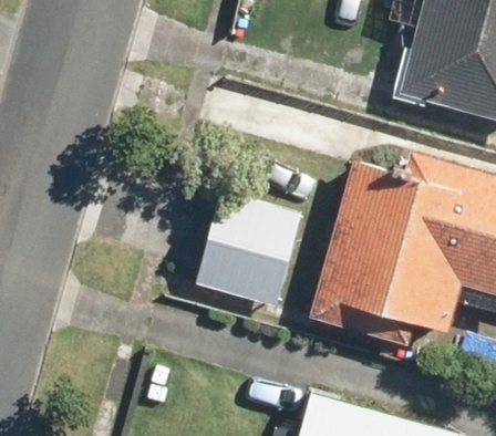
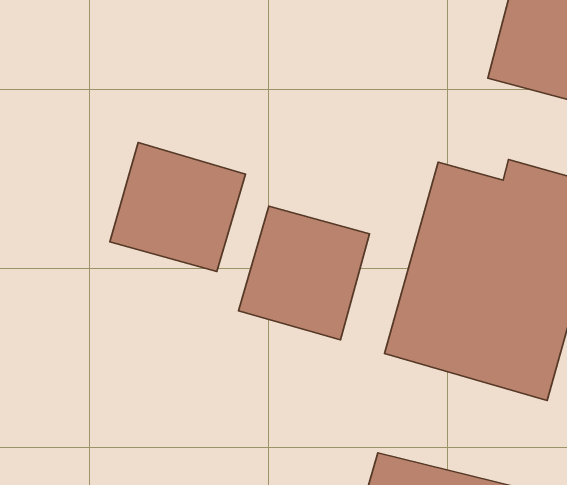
building: none -> [110,143,245,271]

